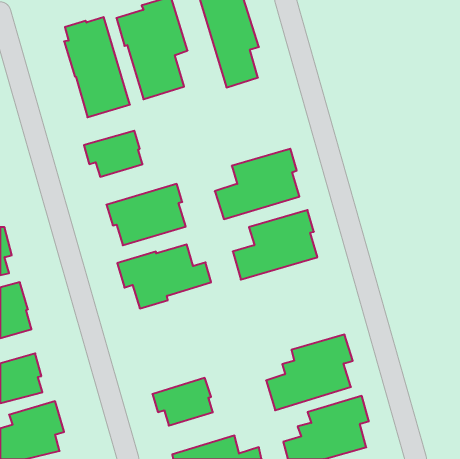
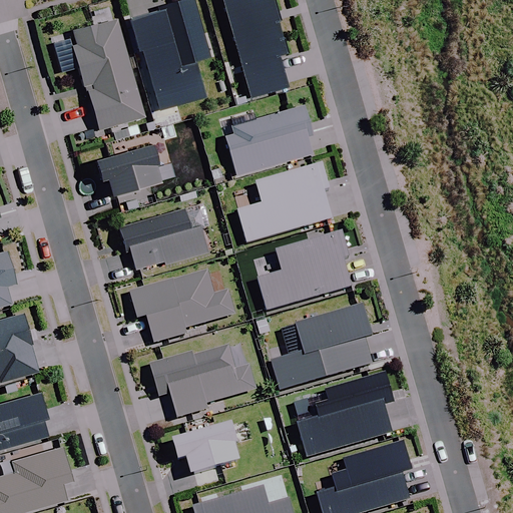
building: none -> [224,105,313,175]
building: none -> [271,302,372,389]
building: none -> [149,344,254,416]

